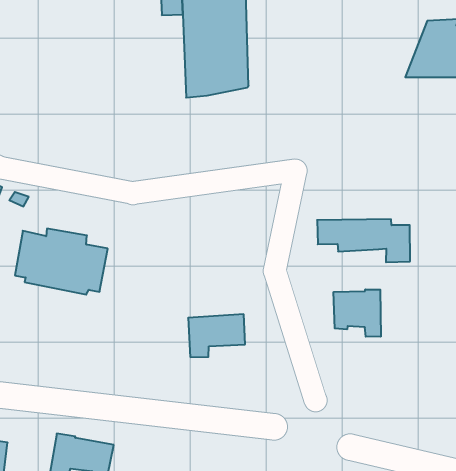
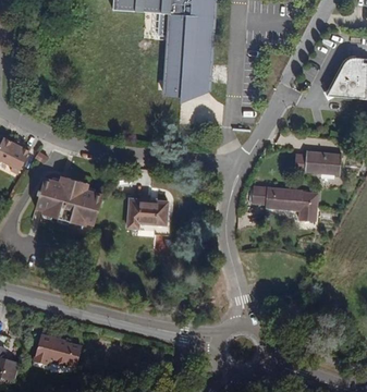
building: none -> [293,151,343,176]
building: [334,289,381,337] -> none
building: [188,314,245,357] -> [123,203,164,232]

